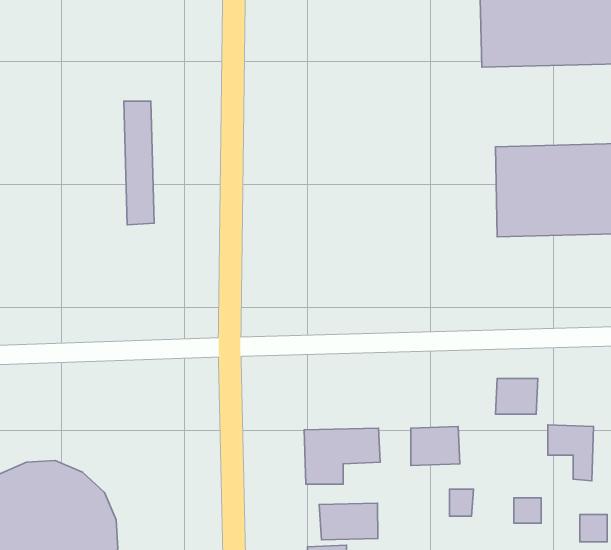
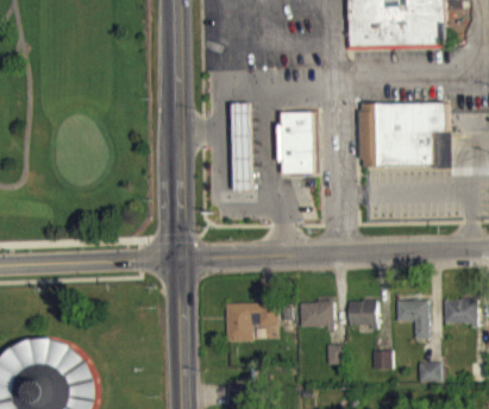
building: [124,101,154,225] -> [231,103,252,190]
building: none -> [280,112,313,174]
building: [496,378,538,414] -> [346,301,376,326]
building: [319,503,378,540] -> none

